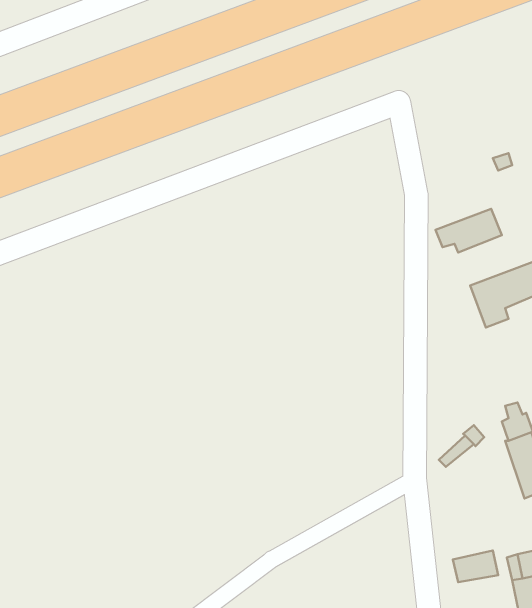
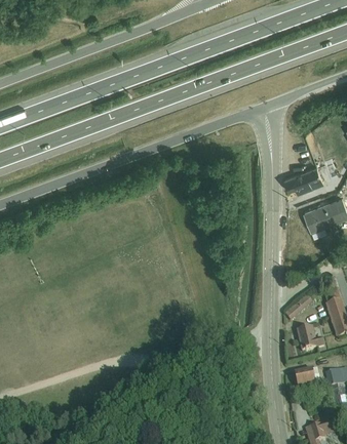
building: none -> [298,325,324,350]

